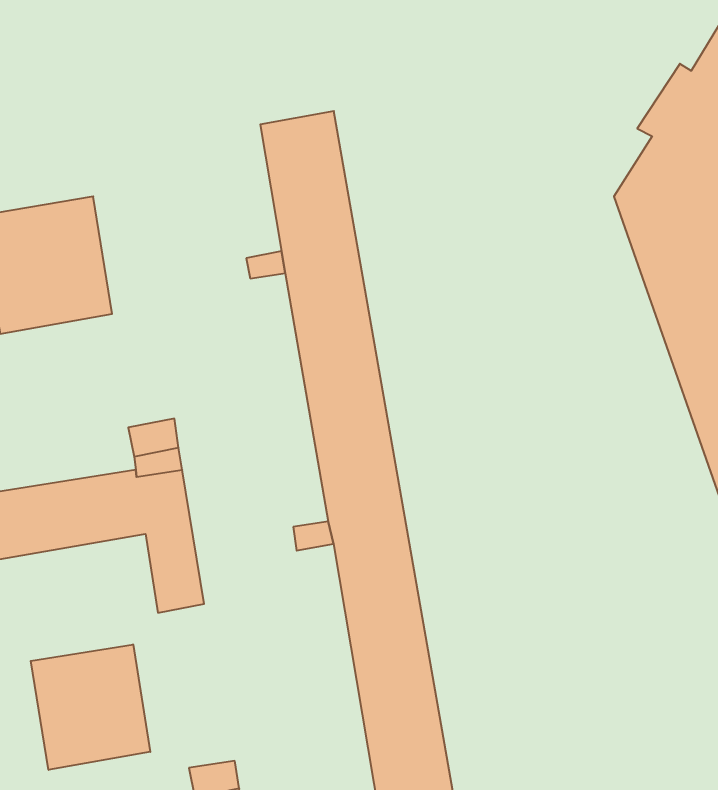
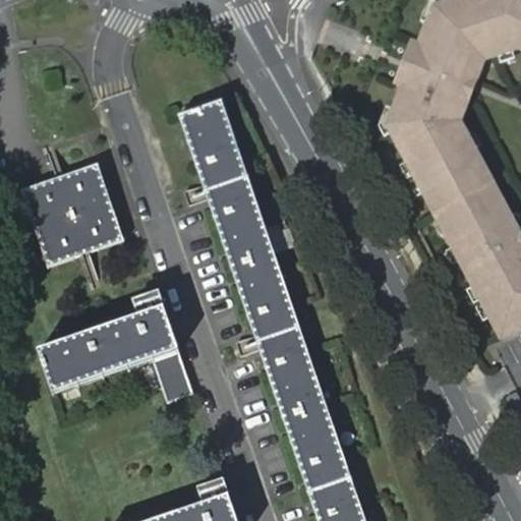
building: [31,644,150,770] -> none

